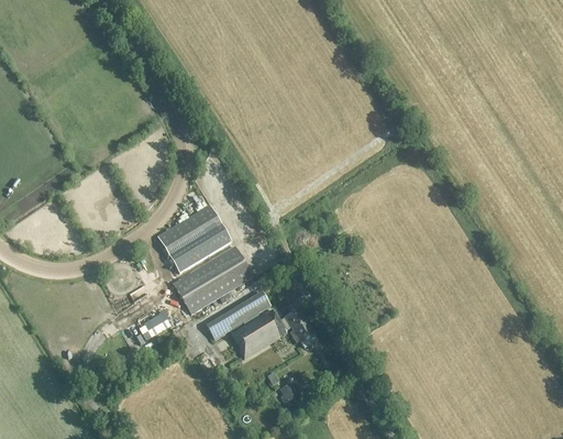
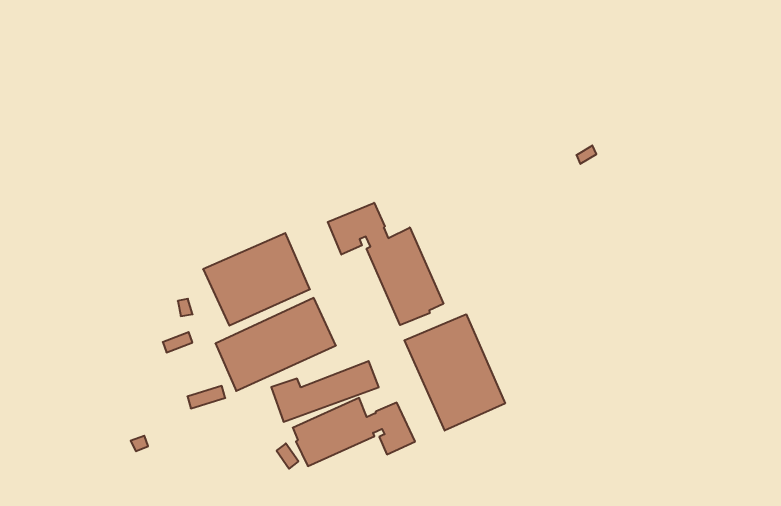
building: none -> [328,203,443,325]
building: none -> [404,314,505,431]

